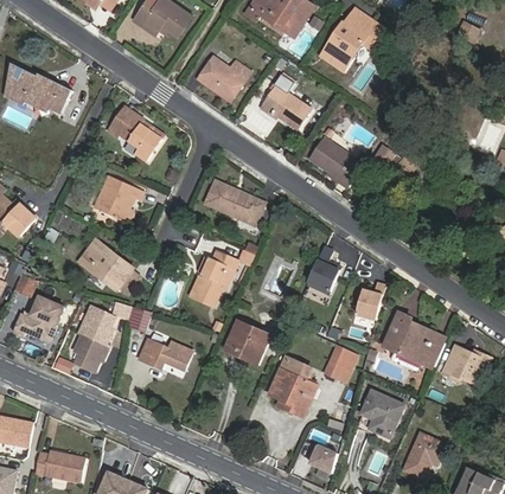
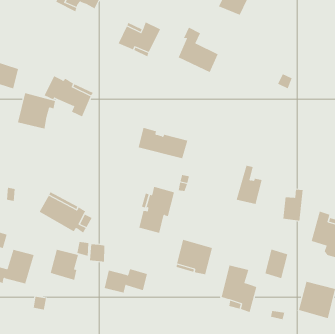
building: [311,139,364,186] -> none
building: [94,173,142,219] -> [17,92,56,129]
building: [73,333,108,371] -> none

